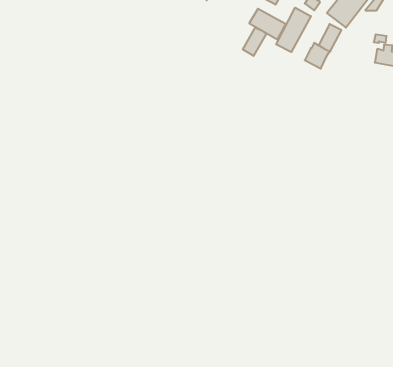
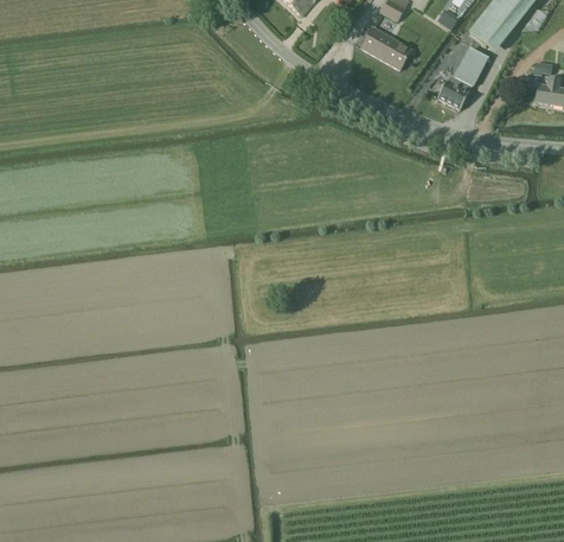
building: [276,8,311,52] -> none
building: [243,27,266,56] -> none

